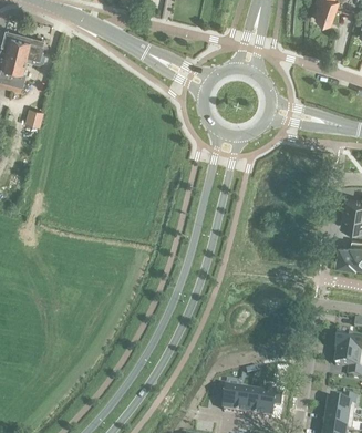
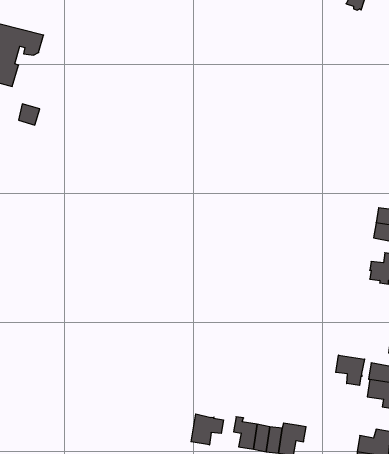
building: none -> [336,355,365,385]
building: none -> [191,414,223,445]

